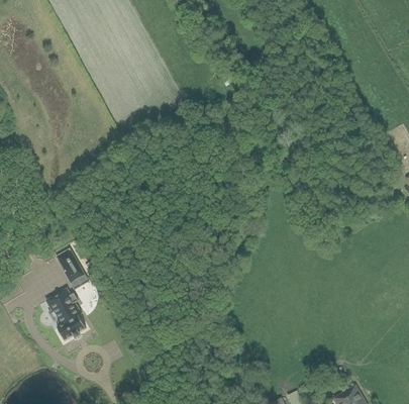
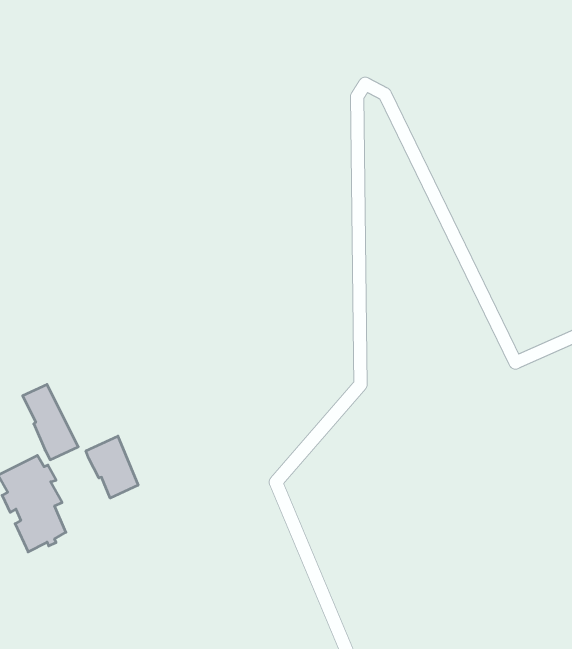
building: none -> [86,436,138,498]

